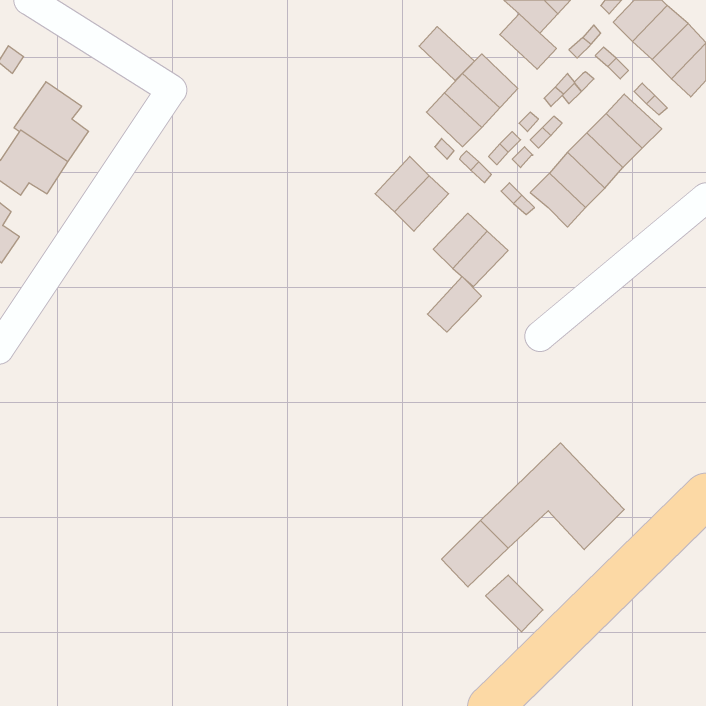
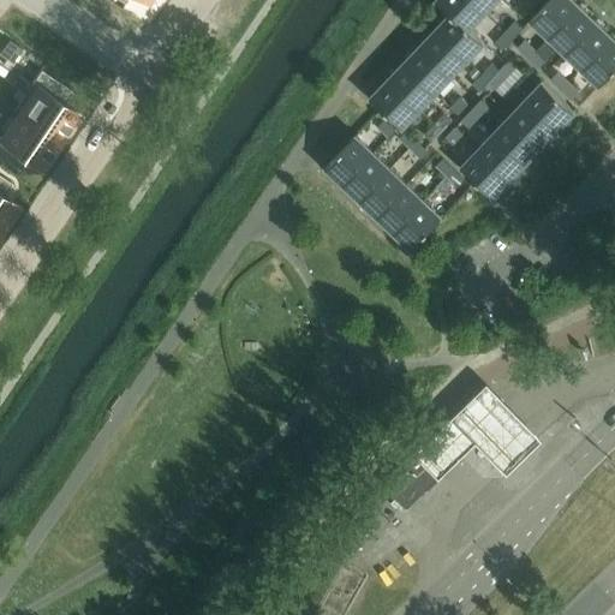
building: [419,27,474,81] -> [418,31,466,78]
building: [427,277,481,332] -> [359,169,406,217]
building: [486,575,543,632] -> none

